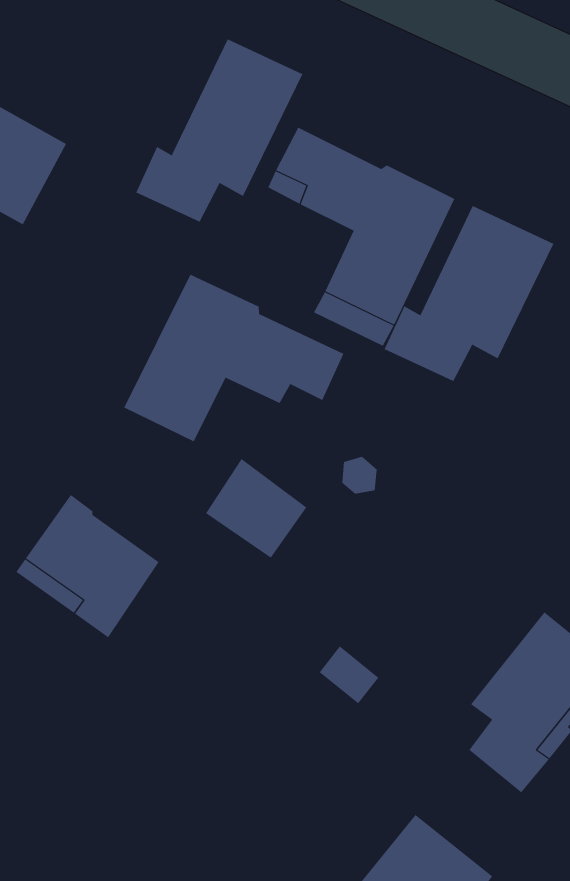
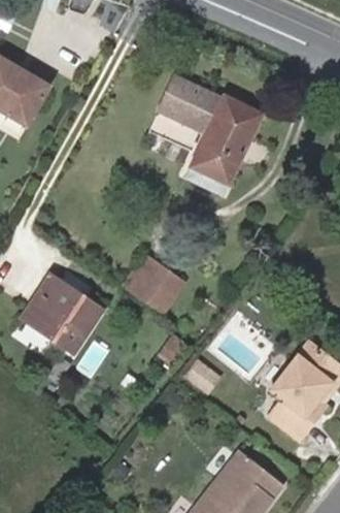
building: [135,38,303,223] -> none
building: [384,205,554,382] -> none
building: [124,274,344,442] -> none

